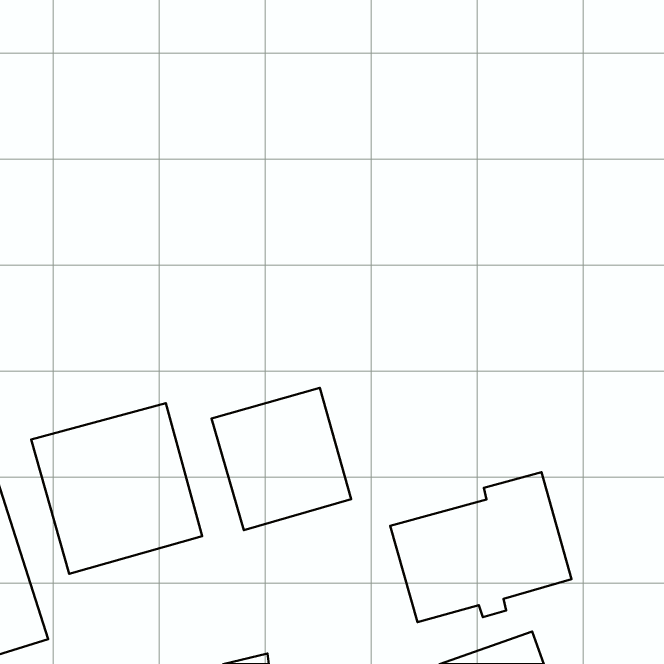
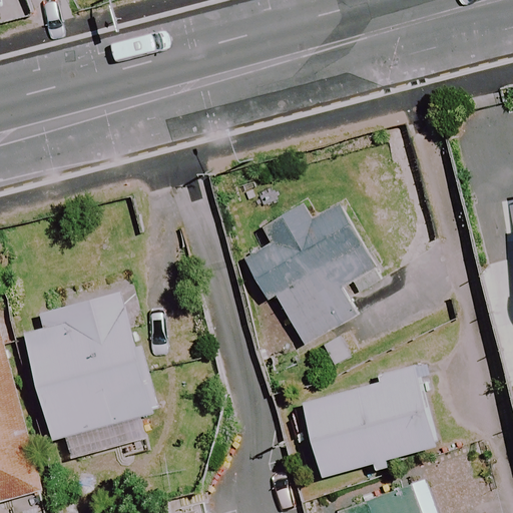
building: none -> [241,199,380,344]
building: [212,388,351,530] -> none

